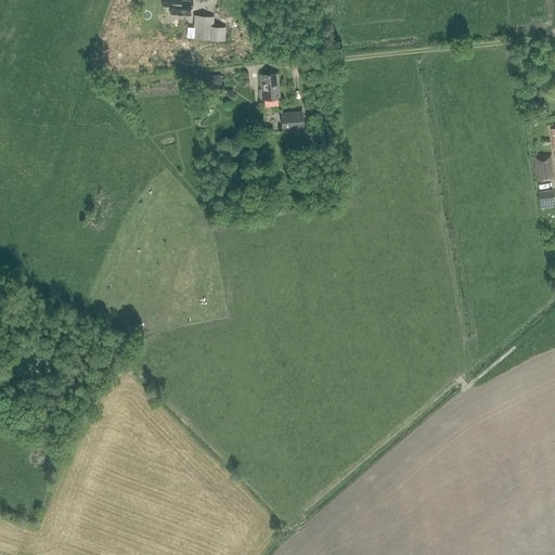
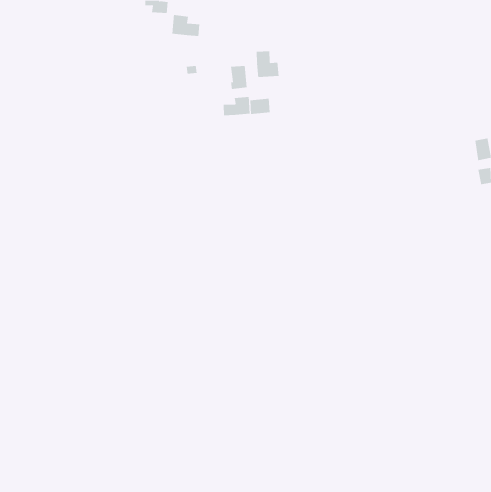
building: none -> [256,50,279,78]
building: none -> [223,96,250,116]

